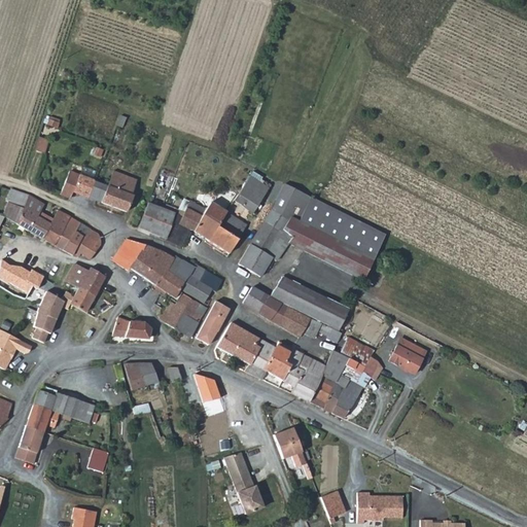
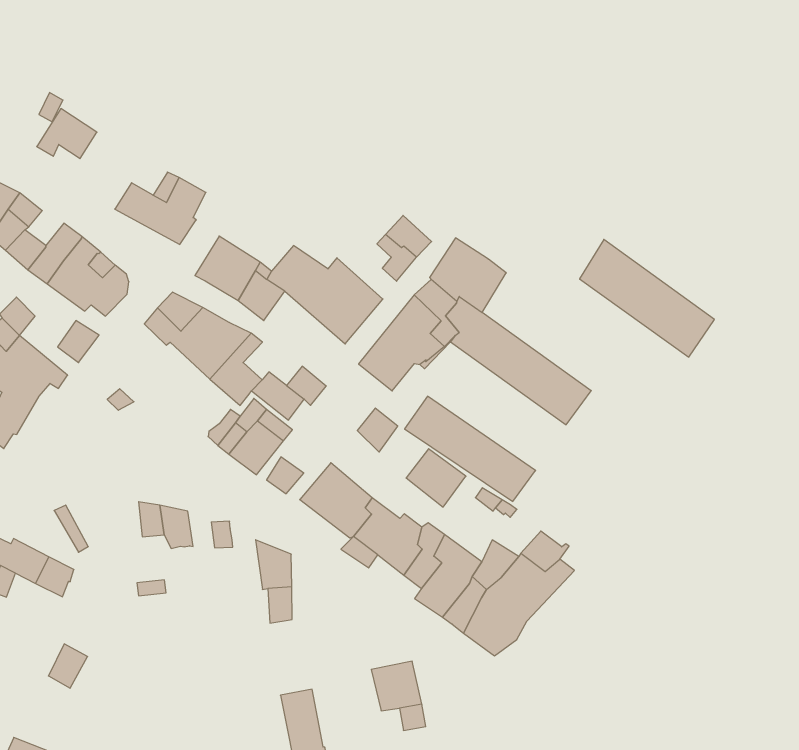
building: [61,170,94,198] -> [37,109,97,159]
building: [305,199,385,258] -> [580,239,714,357]
building: [173,259,207,282] -> none
building: [70,268,105,311] -> none
building: [258,295,286,324] -> none
building: [203,301,230,331] -> none
building: [113,317,150,338] -> none
building: [387,338,426,376] -> none

